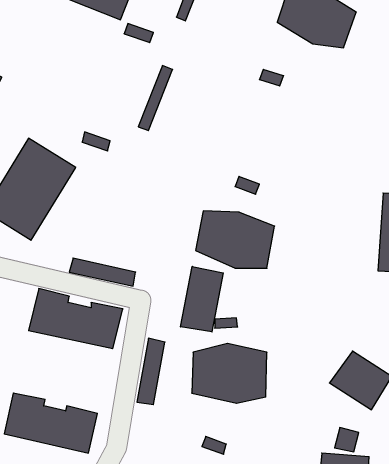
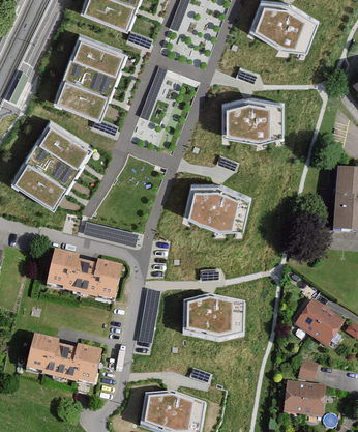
building: none -> [56,38,123,119]
building: none -> [222,100,281,143]
building: [181,266,223,332] -> none

